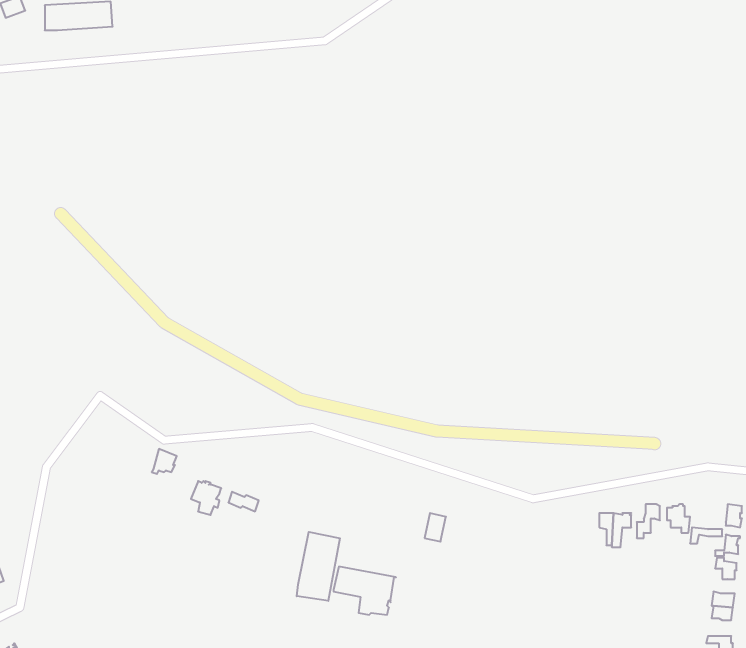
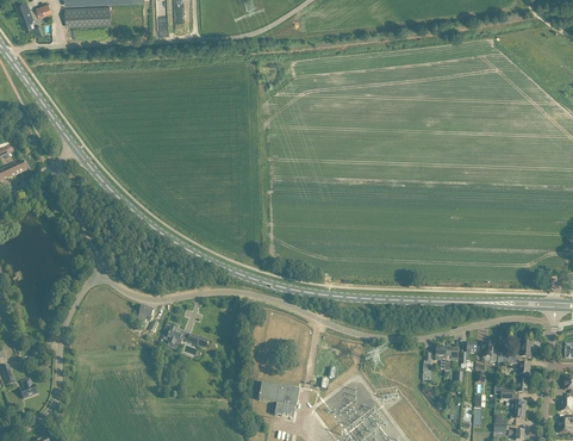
building: [297,532,340,601] -> none

